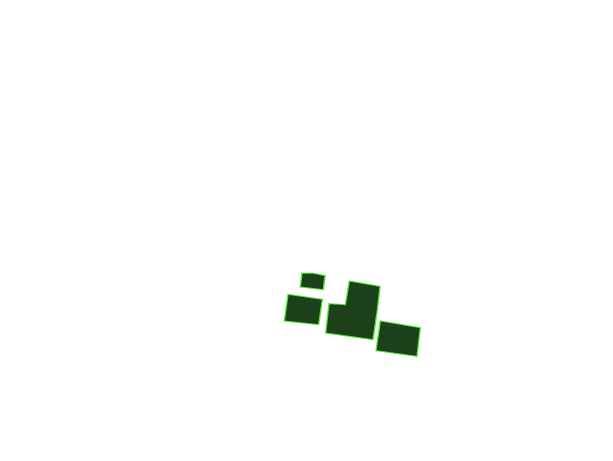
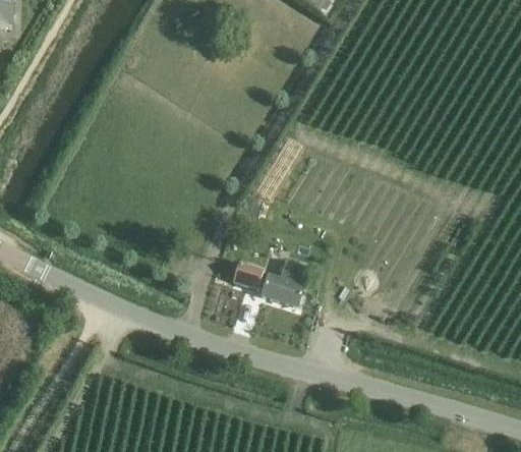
building: [376,321,420,357] -> none

